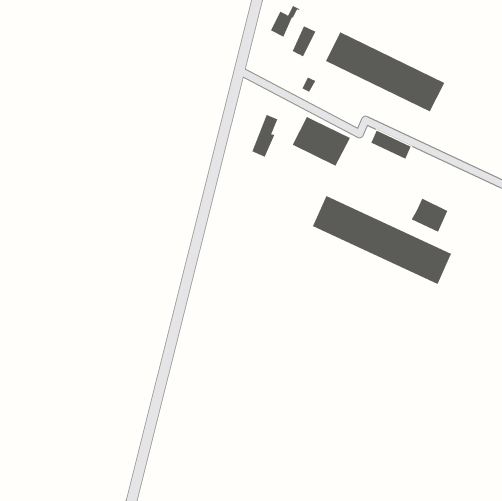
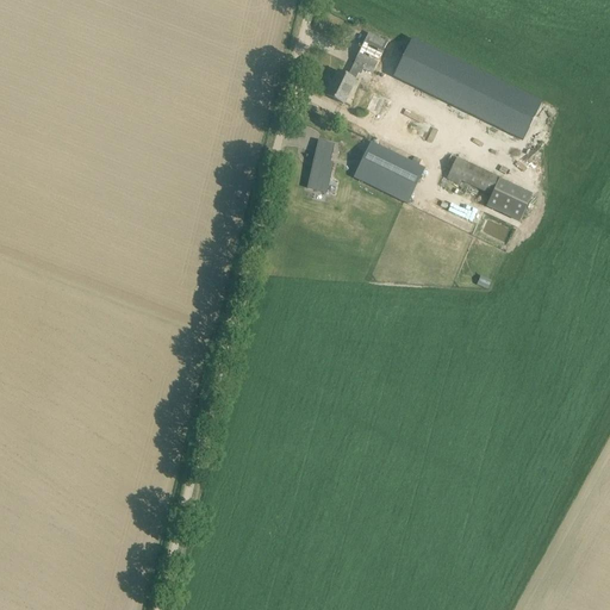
building: [270,5,300,38] -> [326,62,363,101]
building: [312,195,452,285] -> none
building: [411,198,448,232] -> [486,178,531,219]

